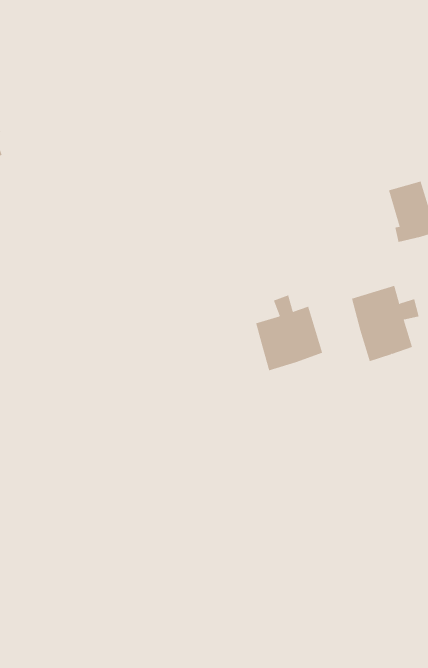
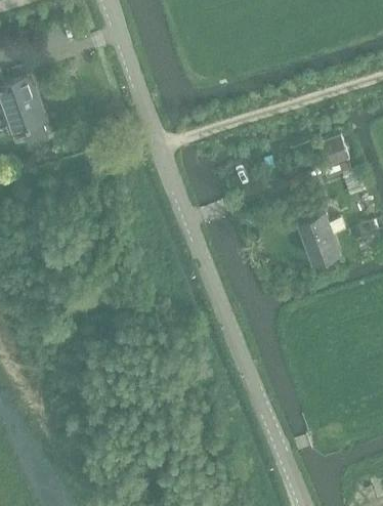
building: [255,295,323,371] -> none

